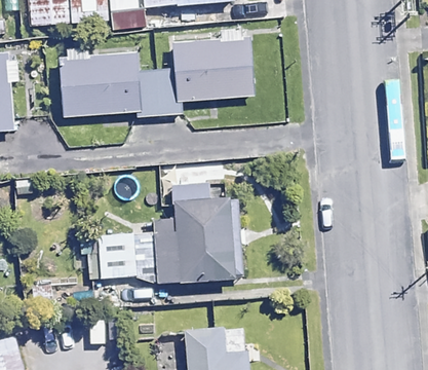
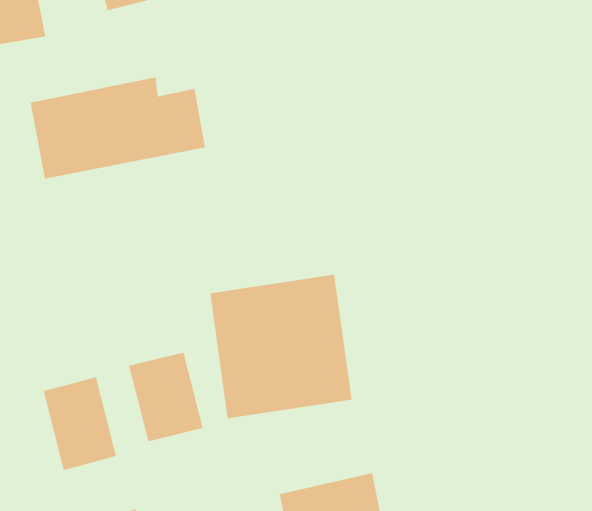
building: [179,45,258,102] -> none
building: none -> [43,376,116,471]

